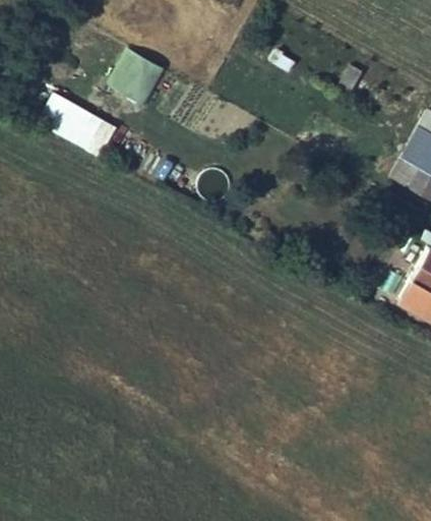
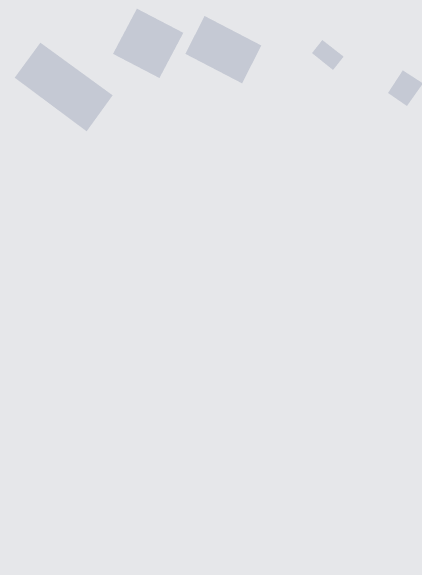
building: none -> [184,15,262,84]

